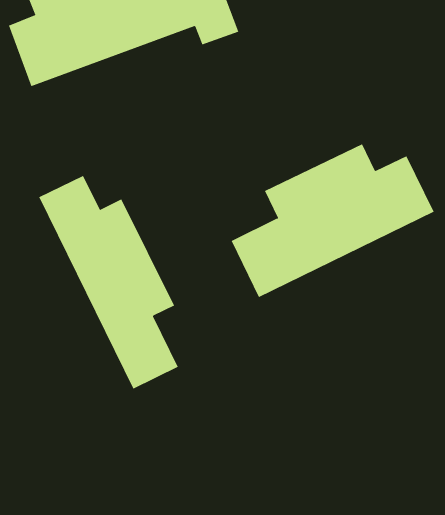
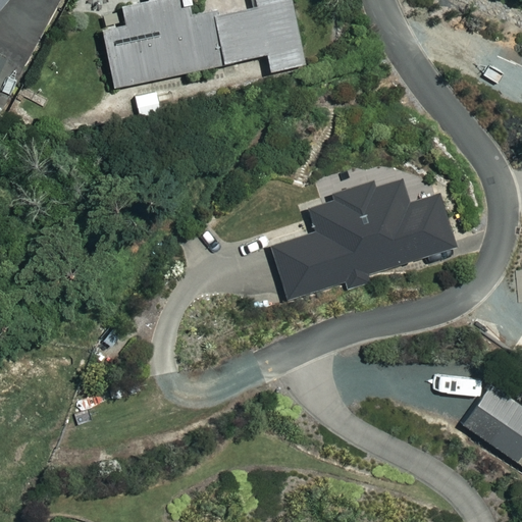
building: [39,175,178,390] -> none

